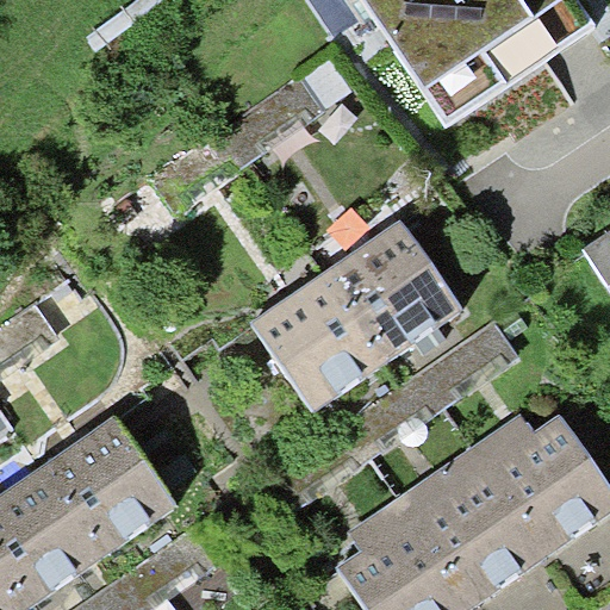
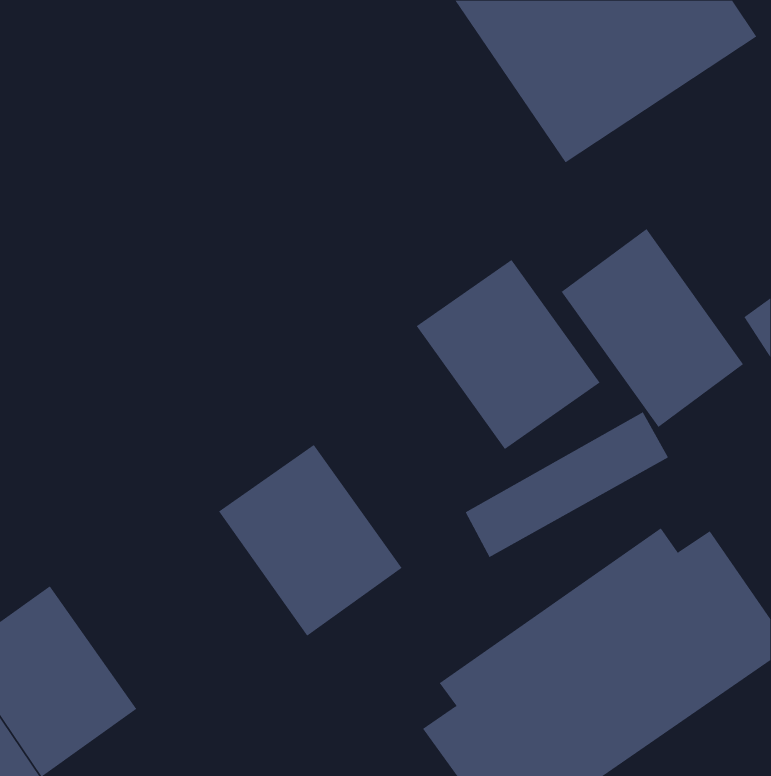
building: none -> [561,228,744,428]
building: [250,257,394,407] -> [218,444,403,636]
building: [39,407,182,556] -> none

